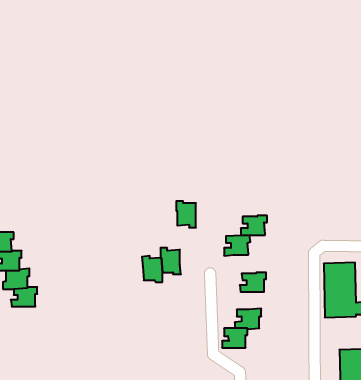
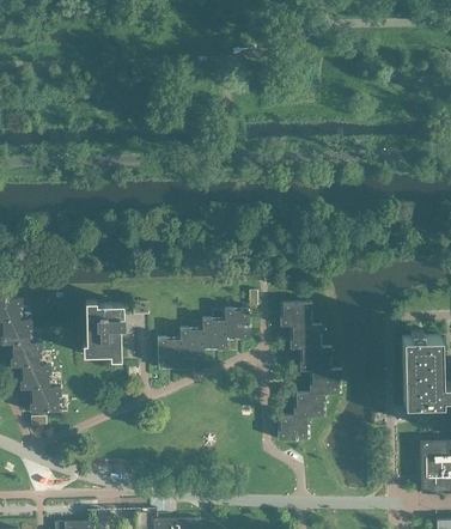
building: [176,201,196,228] -> [225,308,249,340]
building: [241,216,267,235] -> [290,324,322,348]
building: none -> [83,300,123,359]
building: none -> [158,338,182,369]
building: none -> [310,369,341,394]
building: none -> [30,388,61,412]

